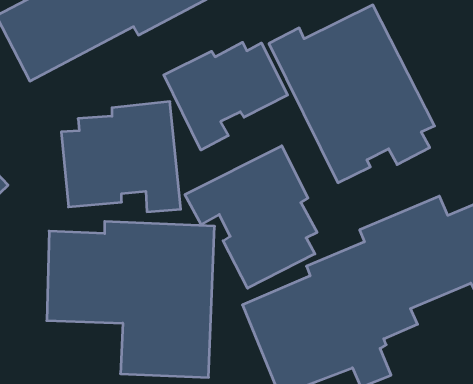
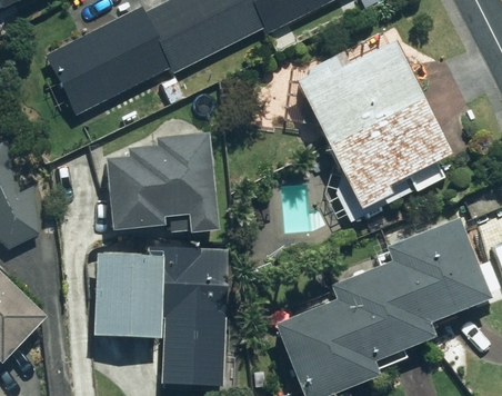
building: [164,42,288,150] -> none
building: [185,146,317,288] -> none

